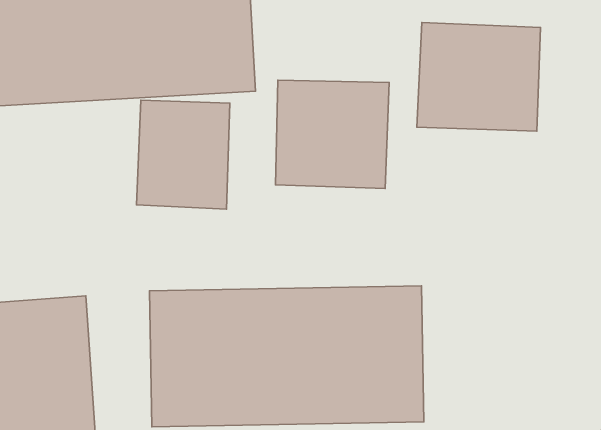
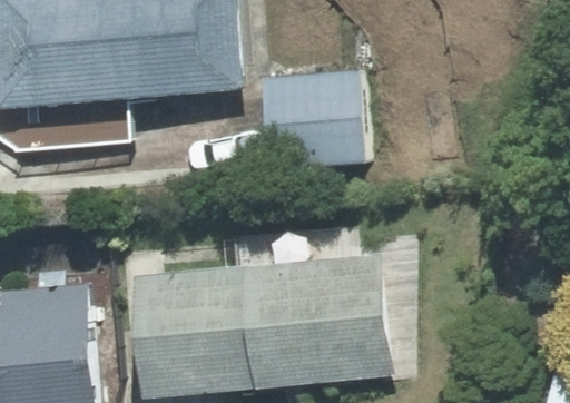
building: [417,23,540,131] -> none
building: [136,100,230,209] -> none

